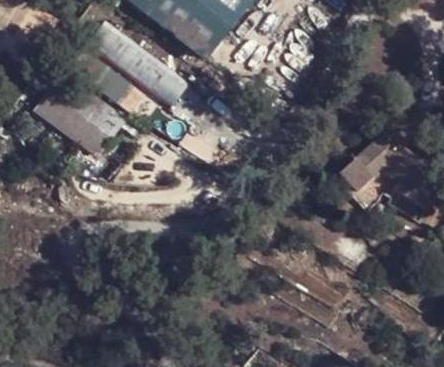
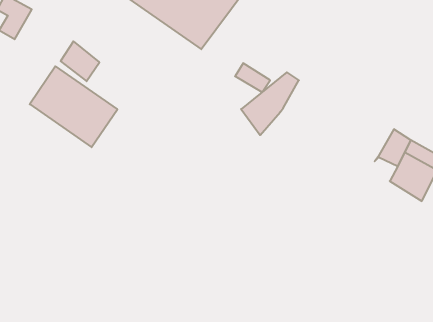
building: [84,19,187,107] -> none
building: [343,130,401,193] -> [241,72,299,135]

